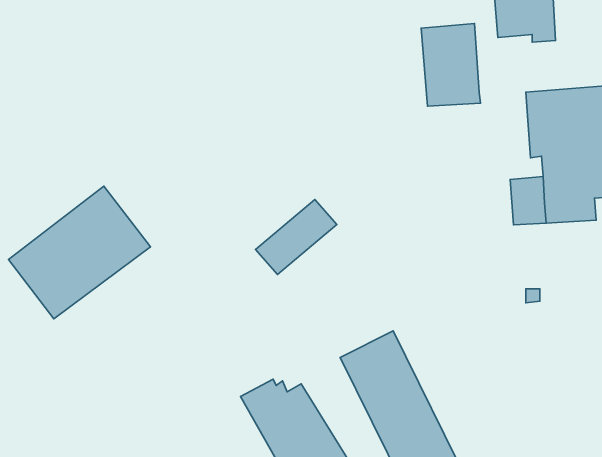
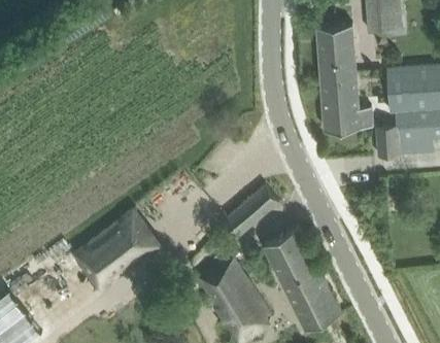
building: none -> [320,78,373,133]
building: [9,186,151,319] -> [69,207,163,295]
building: [256,200,337,274] -> [225,187,278,237]

